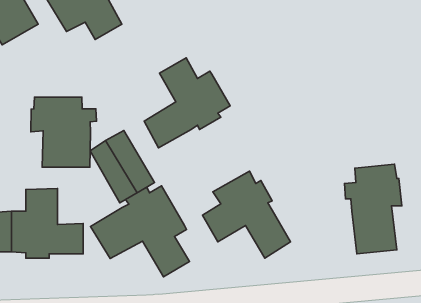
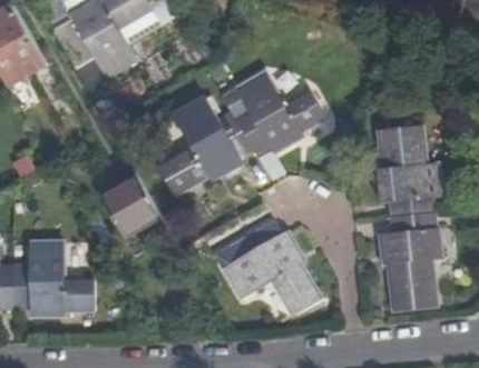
building: none -> [233,70,326,156]
building: none -> [375,127,440,218]
building: [31,97,96,167] -> none
building: [90,186,190,277] -> none

